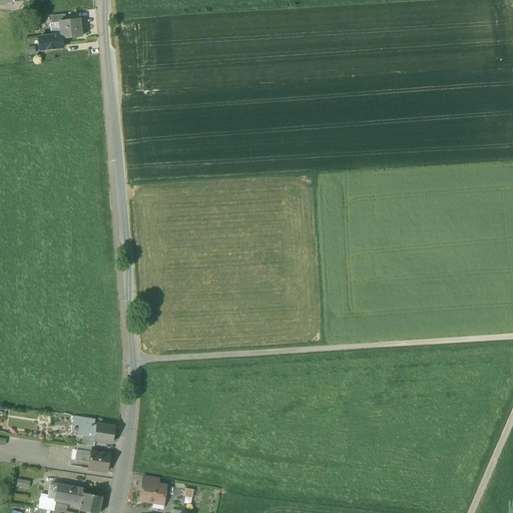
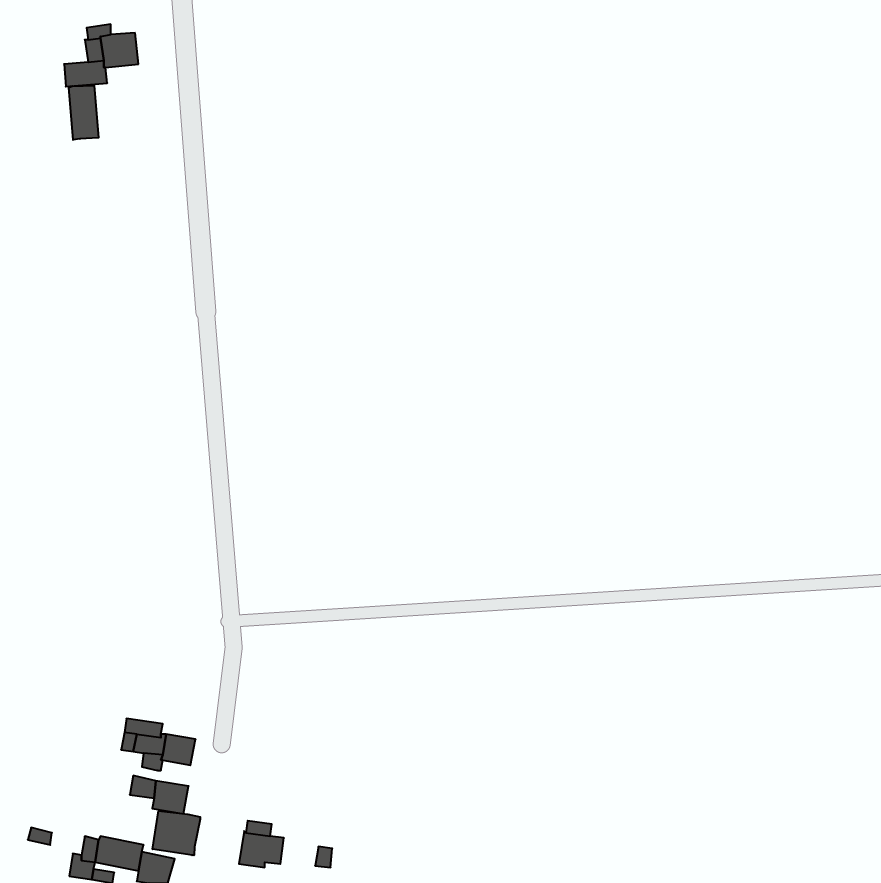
building: none -> [69,85,99,140]
building: none -> [153,811,200,855]

